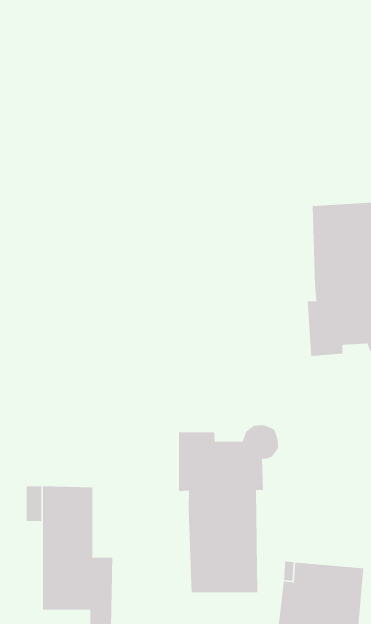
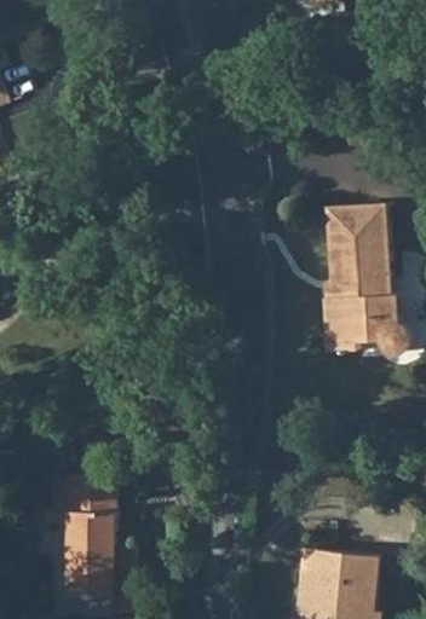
building: [178,425,279,593] -> none

